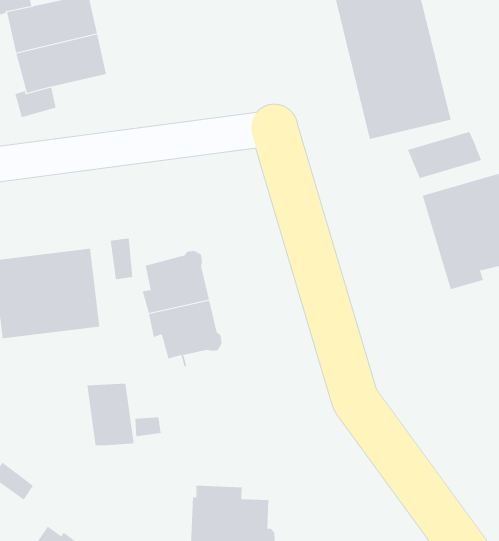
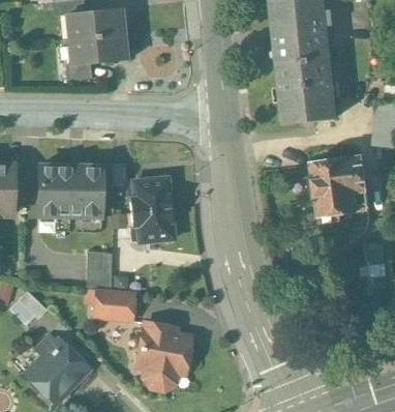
building: [407,131,482,179] -> none
building: none -> [93,291,132,321]

